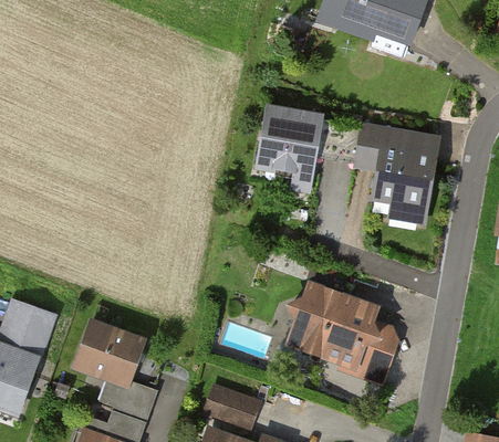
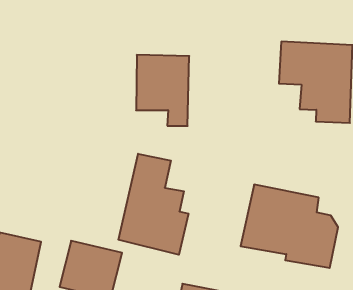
building: [256,105,324,193] -> [136,55,189,126]
building: none -> [118,154,188,255]

